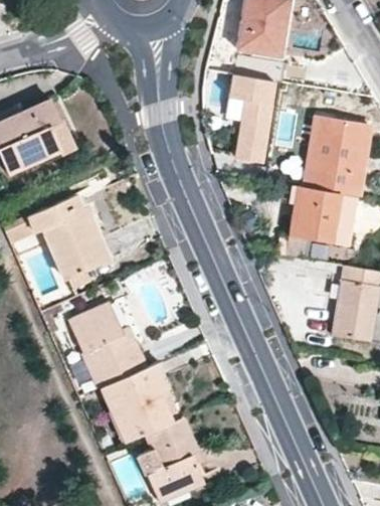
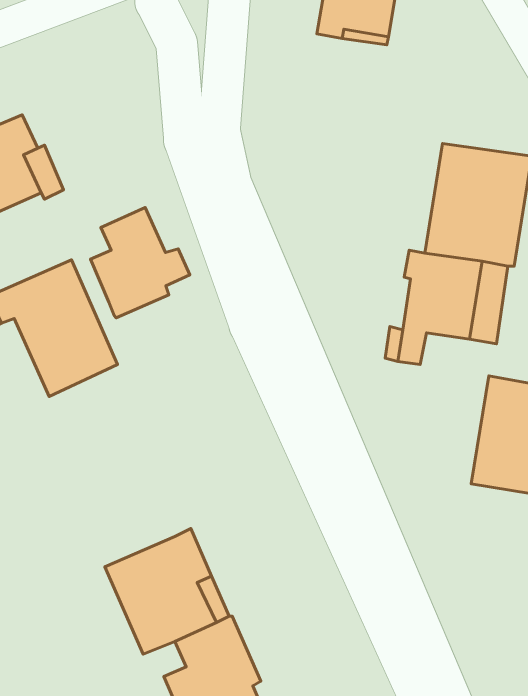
building: [229,76,275,164] -> none
building: none -> [91,207,190,318]
building: [70,304,146,388] -> none

